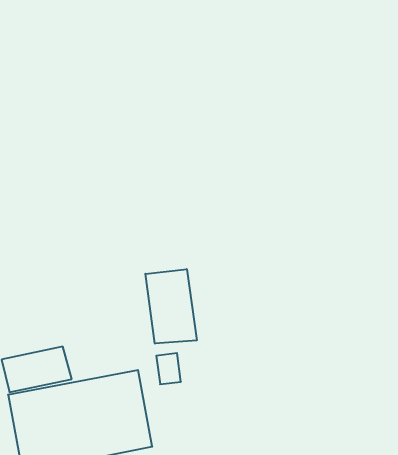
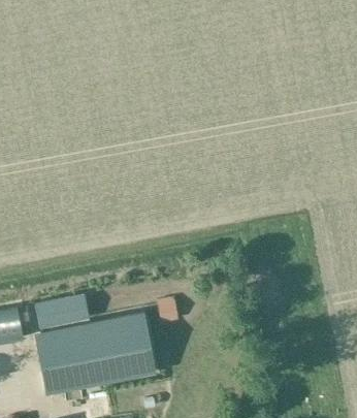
building: [145,269,197,344] -> none

